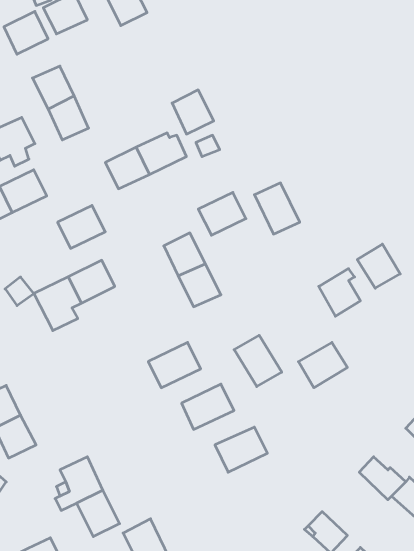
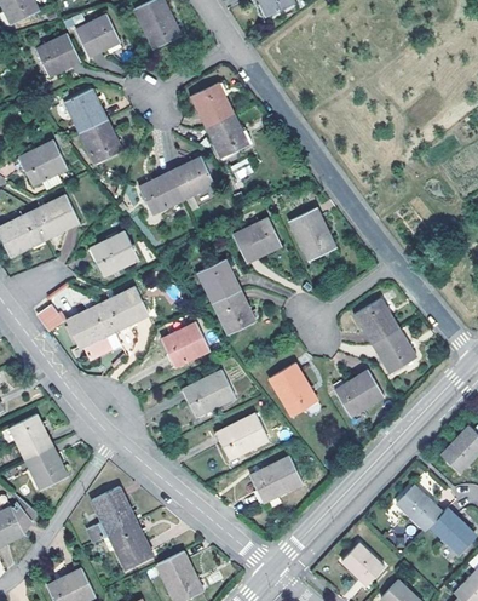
building: none -> [190,82,232,127]
building: [357,244,400,288] -> [372,328,415,373]
building: none -> [161,322,209,367]

